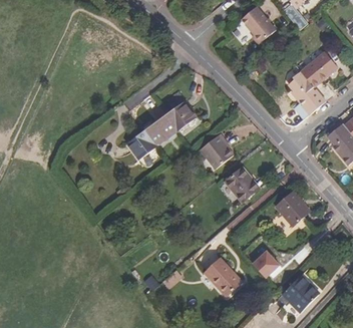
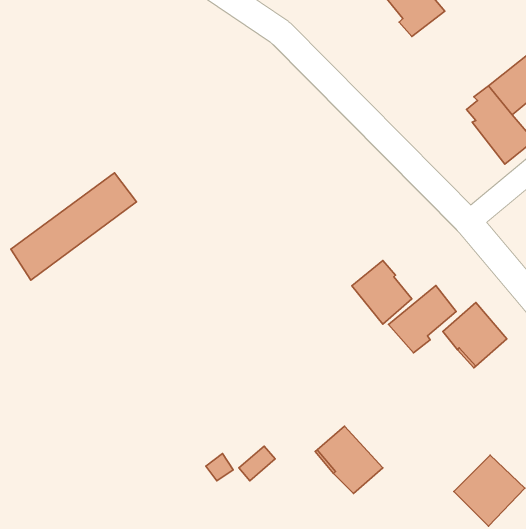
building: [126,100,196,159] -> [11,173,136,280]
building: [199,132,234,169] -> none
building: none -> [388,286,456,353]
building: [252,249,280,277] -> none

